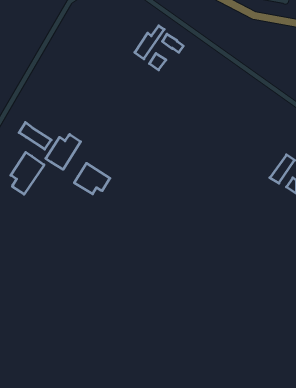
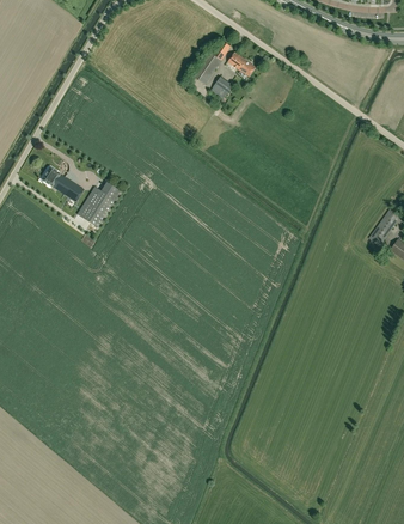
building: [11,152,44,194] -> none
building: [74,163,110,194] -> none

